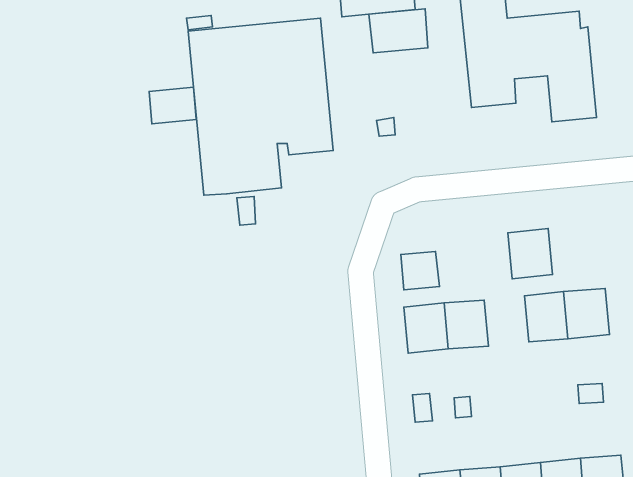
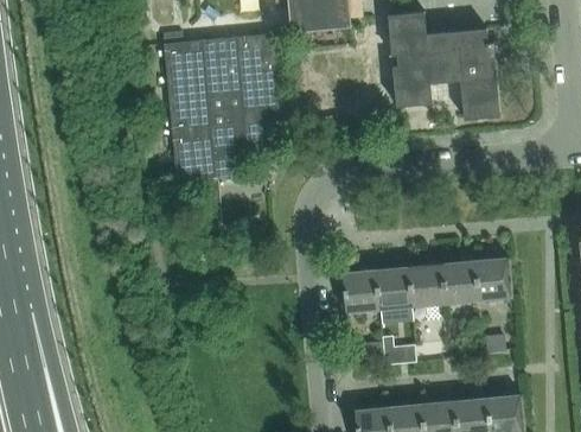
building: [369,9,428,53] -> none
building: [149,87,196,124] -> none
building: [508,228,552,279] -> [408,263,445,305]
building: [401,251,440,290] -> none

